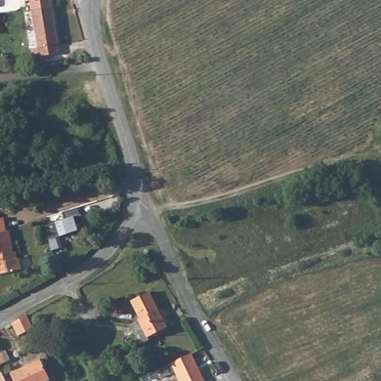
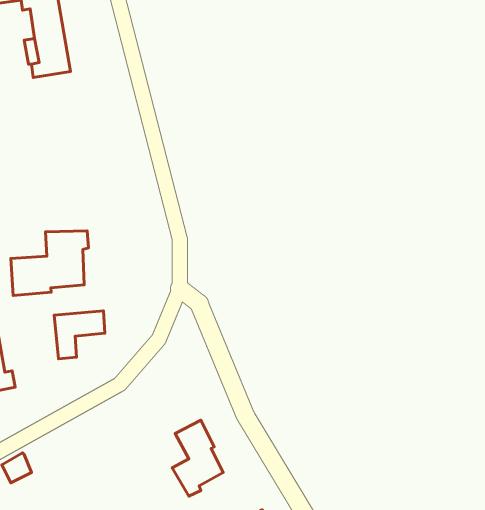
building: none -> [11,231,89,296]

